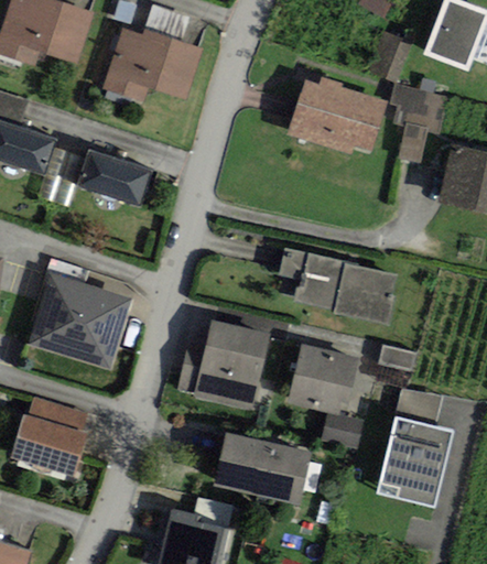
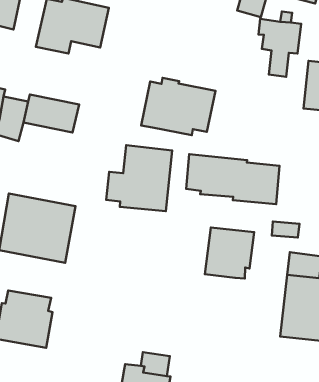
building: [288,76,388,154] -> [141,78,215,135]
building: [177,321,269,411] -> [106,145,172,211]
building: [320,413,362,449] -> none
building: [213,432,311,506] -> none

